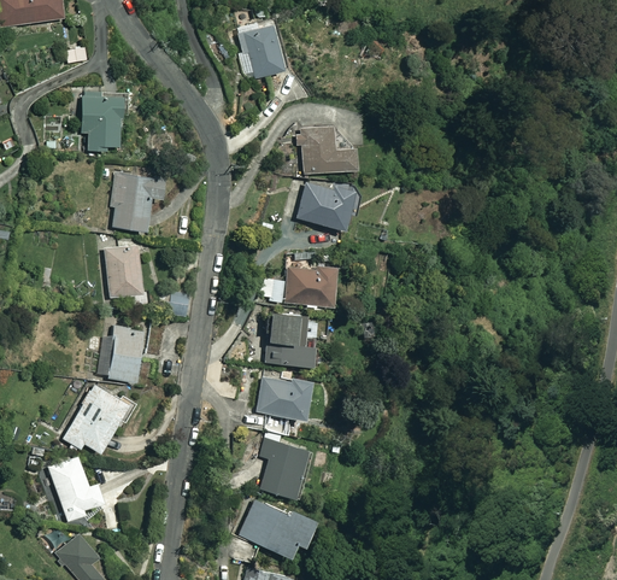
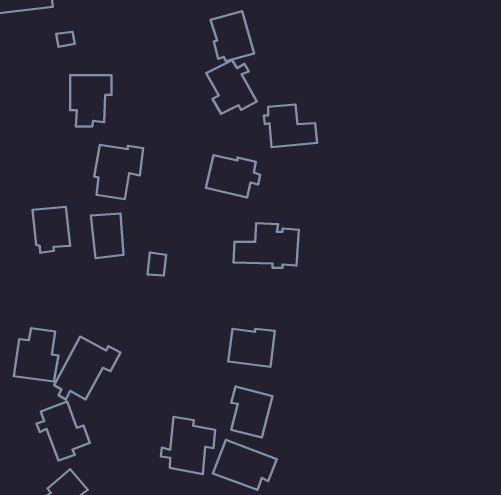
building: none -> [206,60,257,114]
building: [298,183,358,230] -> [206,155,260,198]
building: none -> [33,207,70,253]
building: [265,311,317,373] -> none
building: [96,326,146,385] -> [14,328,58,382]
building: none -> [161,417,215,474]

